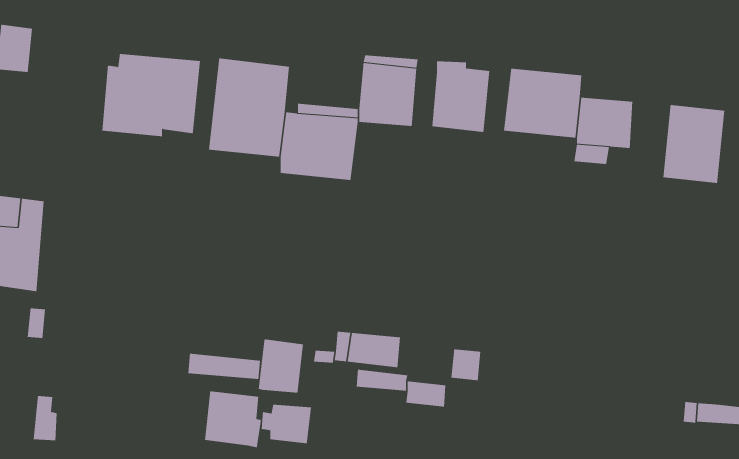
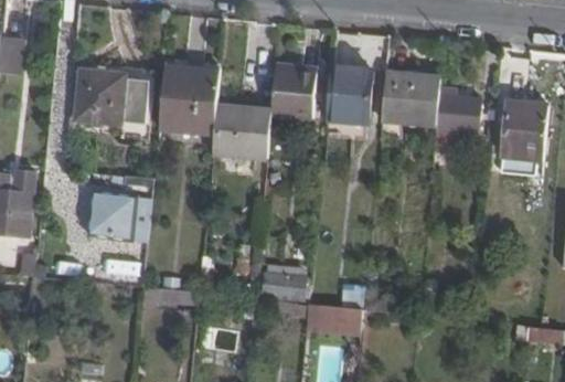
building: none -> [87,191,152,244]
building: [258,338,304,394] -> none
building: [205,391,262,448] -> none

